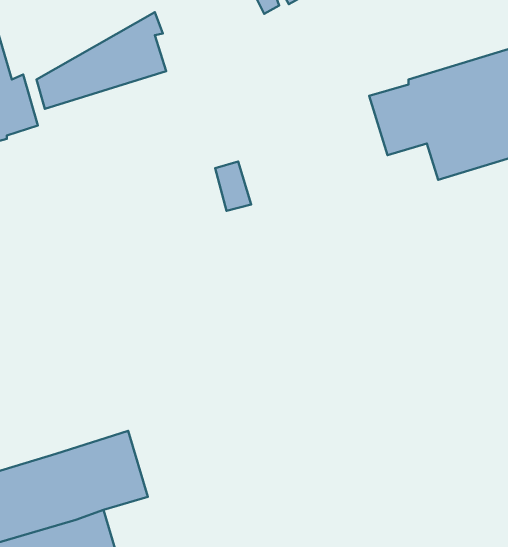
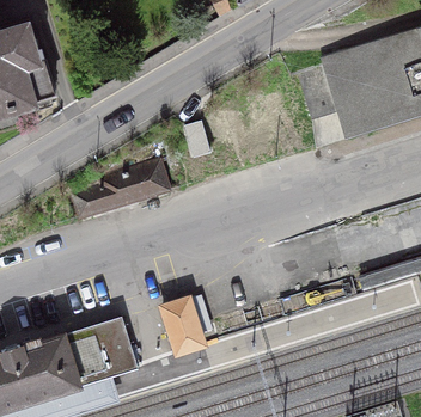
building: [37,12,166,109] -> [73,145,167,215]
building: none -> [161,298,203,350]

